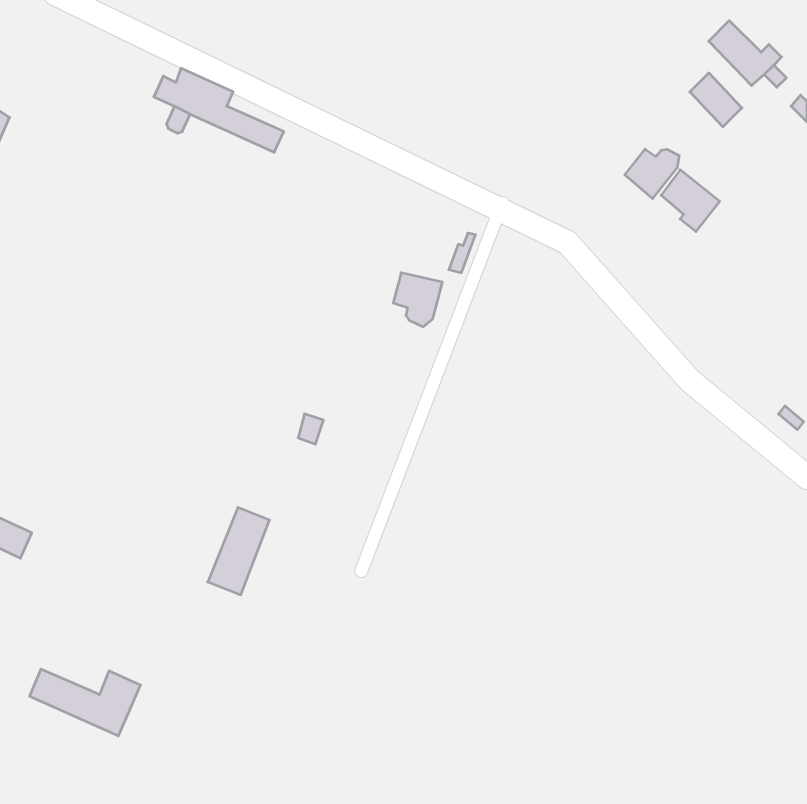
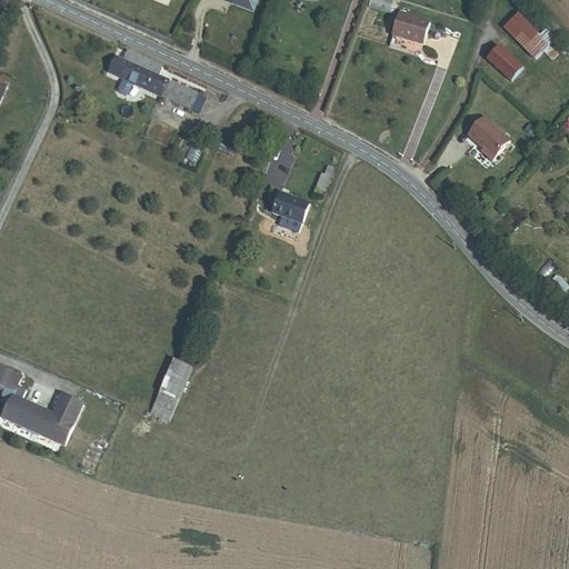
building: none -> [390,8,429,41]
building: [625,149,679,199] -> none
building: [30,669,141,736] -> [4,396,82,442]

